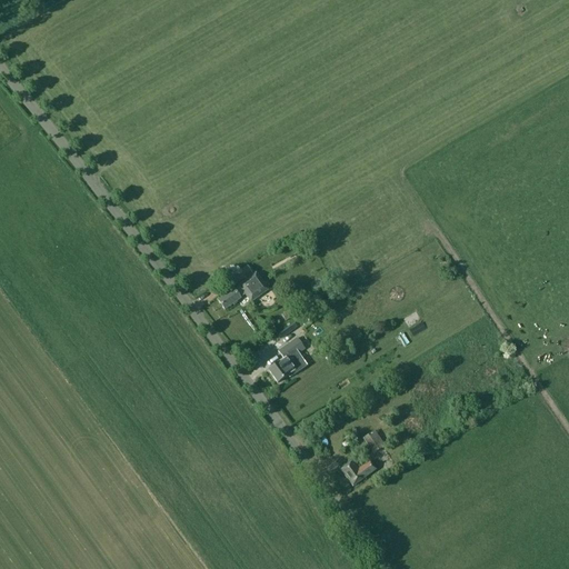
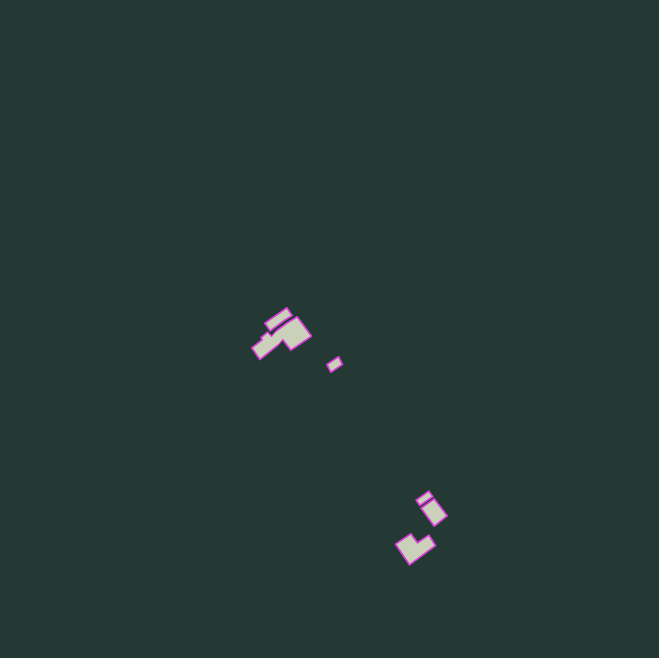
building: [268,337,305,382] -> none

